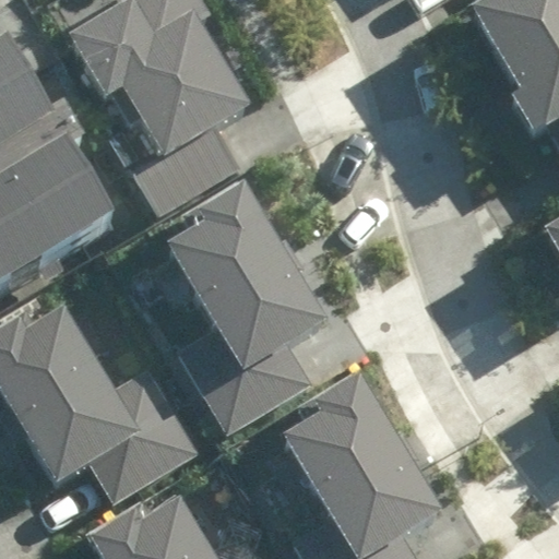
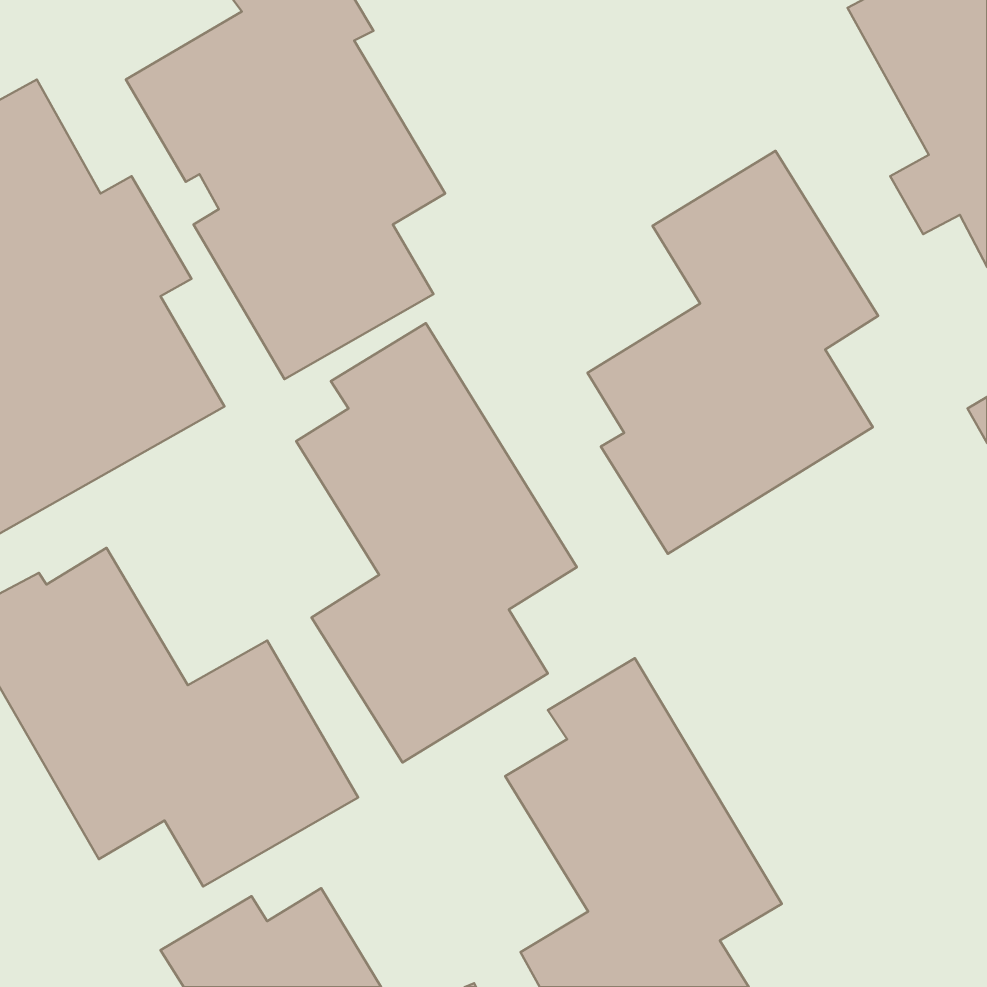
building: none -> [587,151,878,554]

